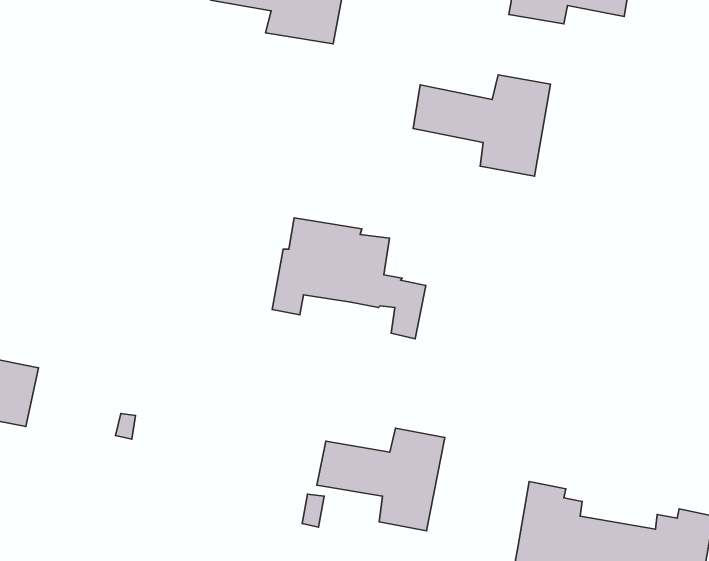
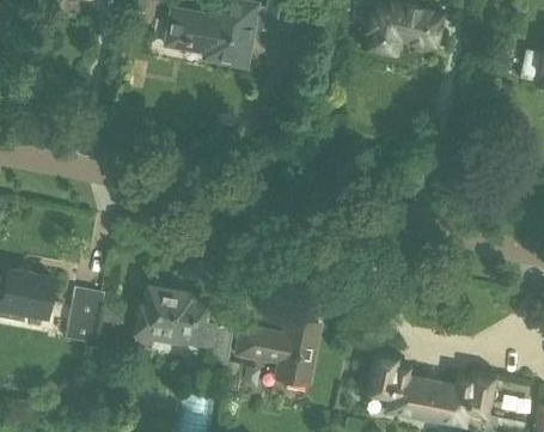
building: [413,75,551,176] -> none
building: [272,218,426,339] -> [133,285,233,364]
building: none -> [65,286,105,343]

